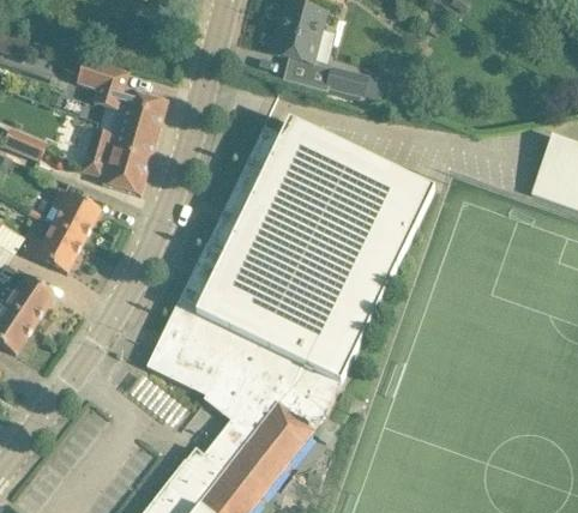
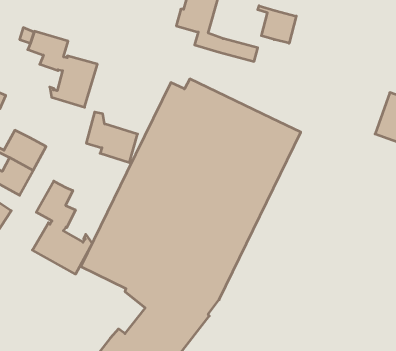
building: none -> [258,6,296,43]
building: [84,128,151,194] -> [86,112,138,162]
building: none -> [32,181,92,274]

